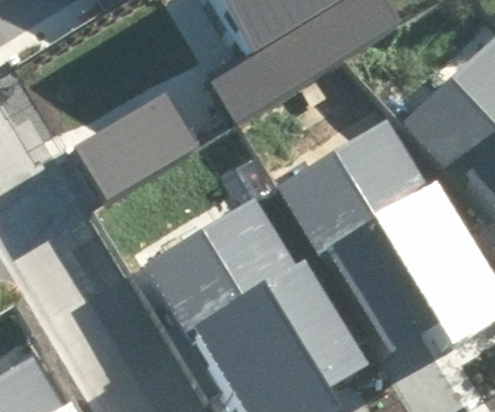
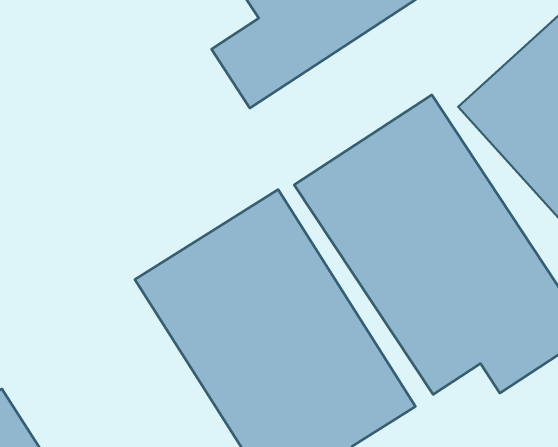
building: [67,80,201,195] -> none

